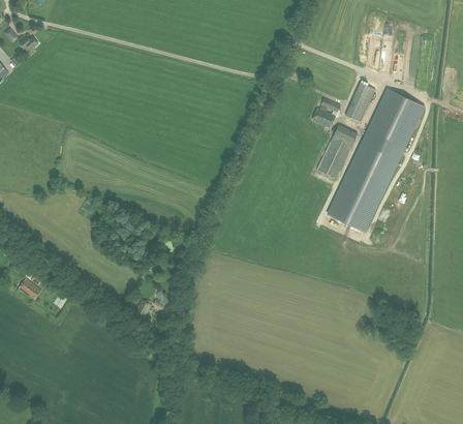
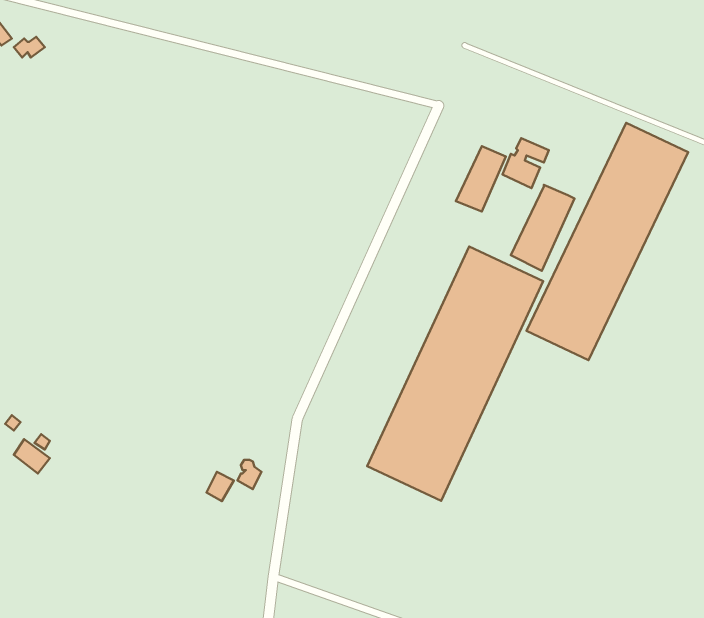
building: [344,82,374,121] -> [456,146,506,212]
building: none -> [367,246,543,501]

